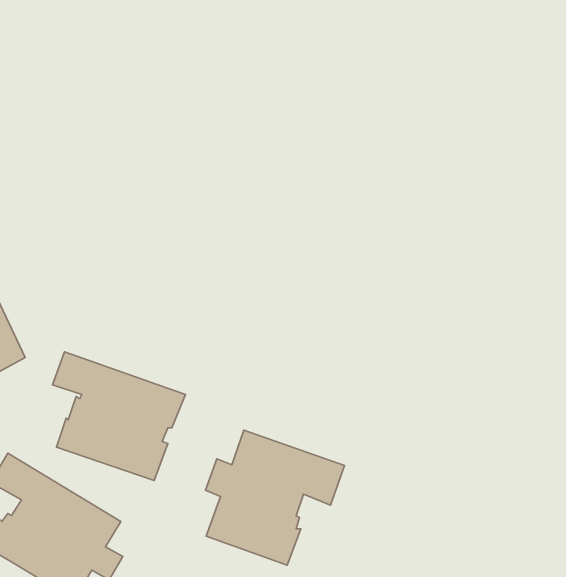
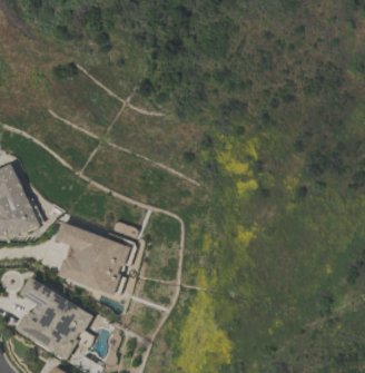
building: [205,430,345,565] -> none

